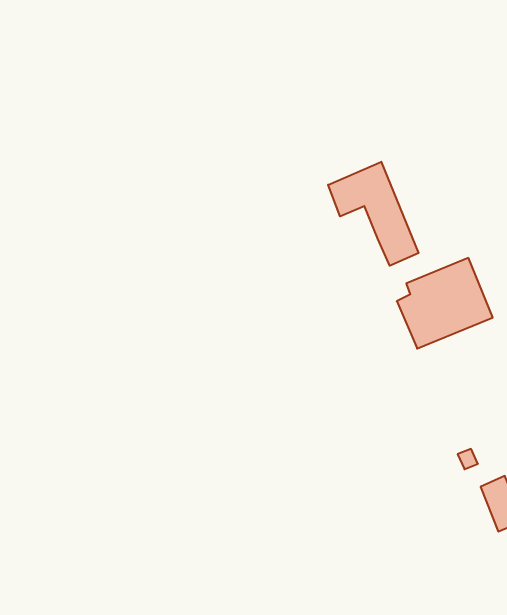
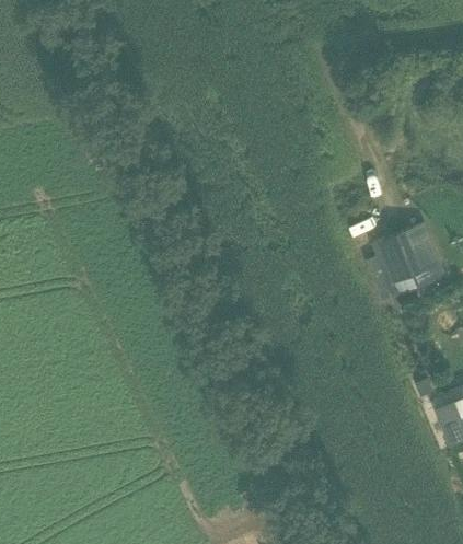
building: [328,162,419,266] -> none

